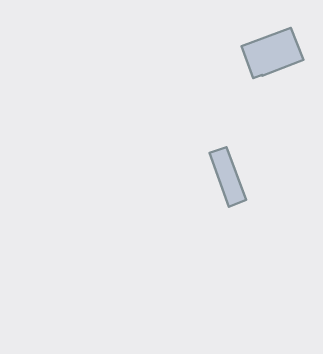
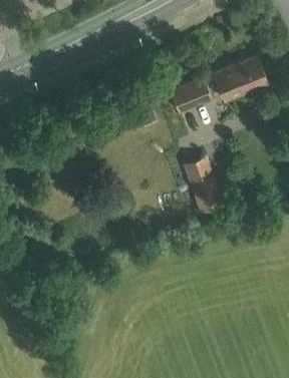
building: none -> [170,78,212,114]

